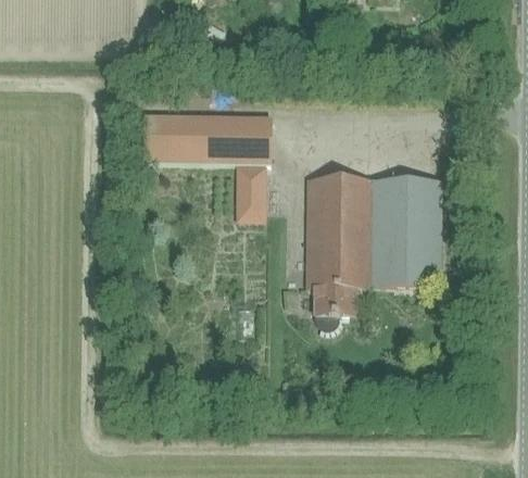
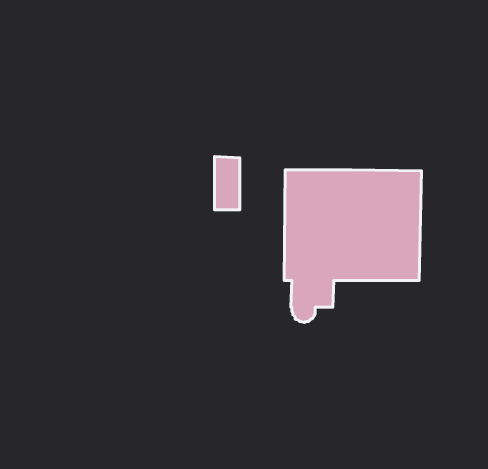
building: [140,113,271,162] -> none

